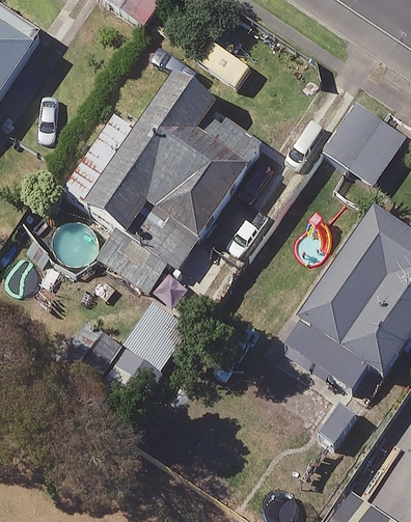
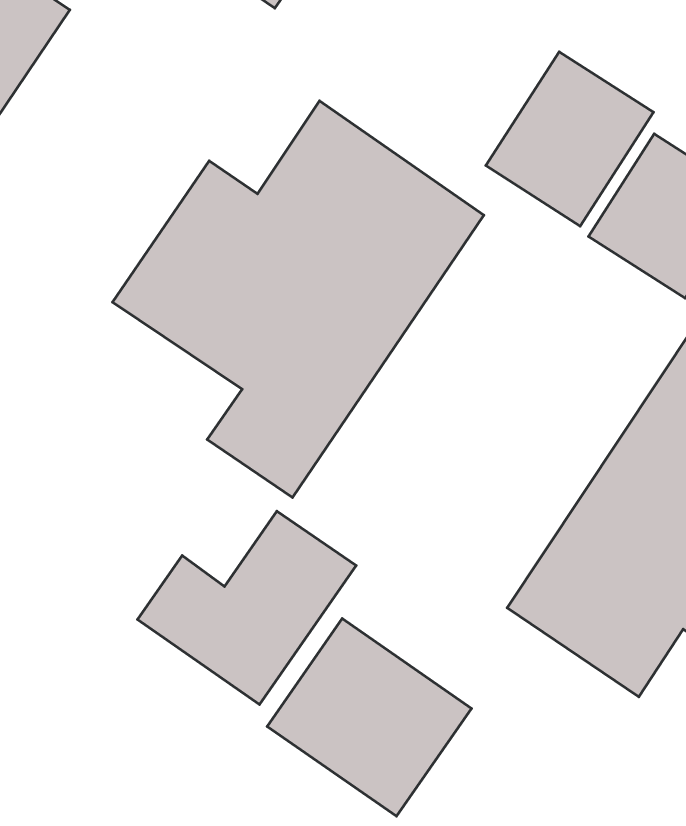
building: none -> [486,52,653,226]
building: none -> [267,619,471,816]

